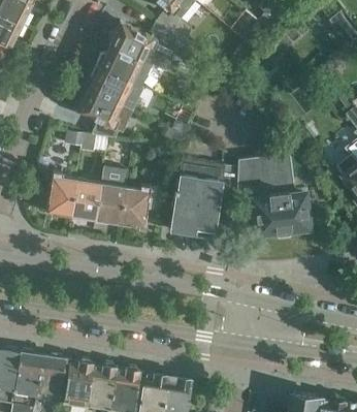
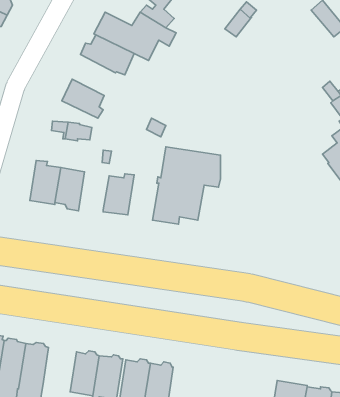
building: [90,66,131,108] -> none
building: [234,153,306,234] -> none
building: [94,184,125,225] -> none
building: [62,359,92,405] -> none

